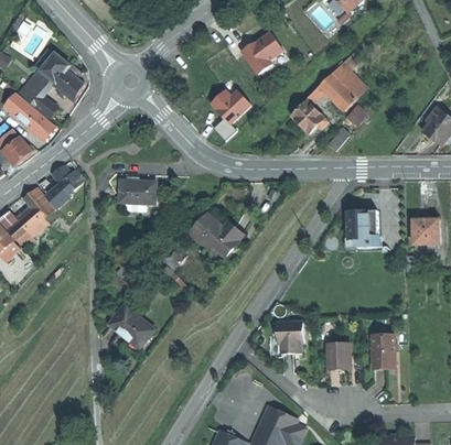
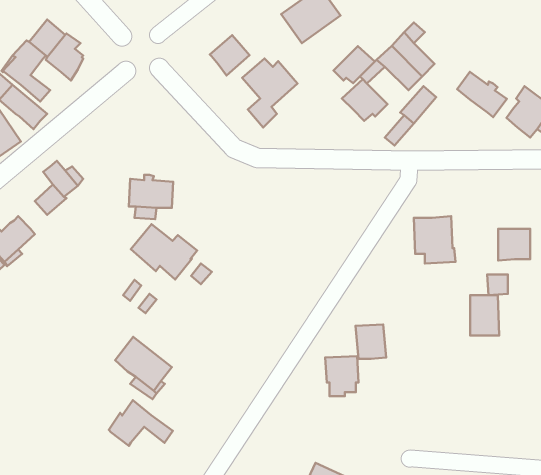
building: none -> [210,35,250,75]
building: none -> [333,46,375,83]
building: none -> [457,72,507,117]
building: [22,187,54,219] -> none
building: [189,213,241,257] -> [131,224,197,280]
building: [372,335,395,367] -> [470,295,499,335]
building: [325,341,350,369] -> [356,324,386,359]
building: none -> [109,400,173,446]

